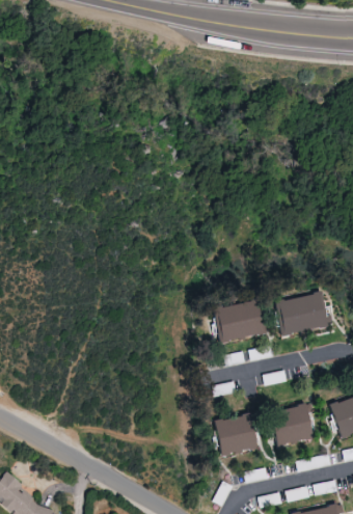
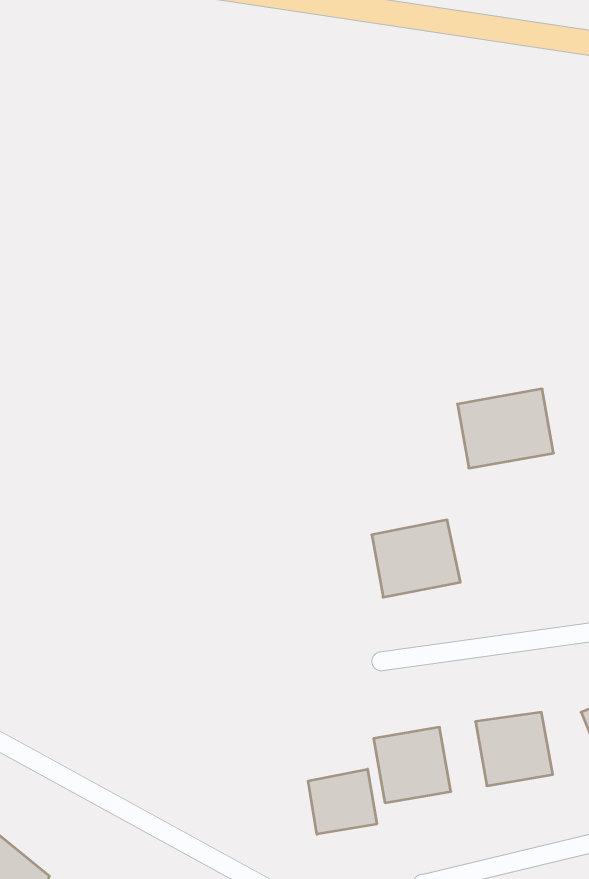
building: [274,293,327,336] -> [457,389,554,468]
building: none -> [308,769,377,834]

